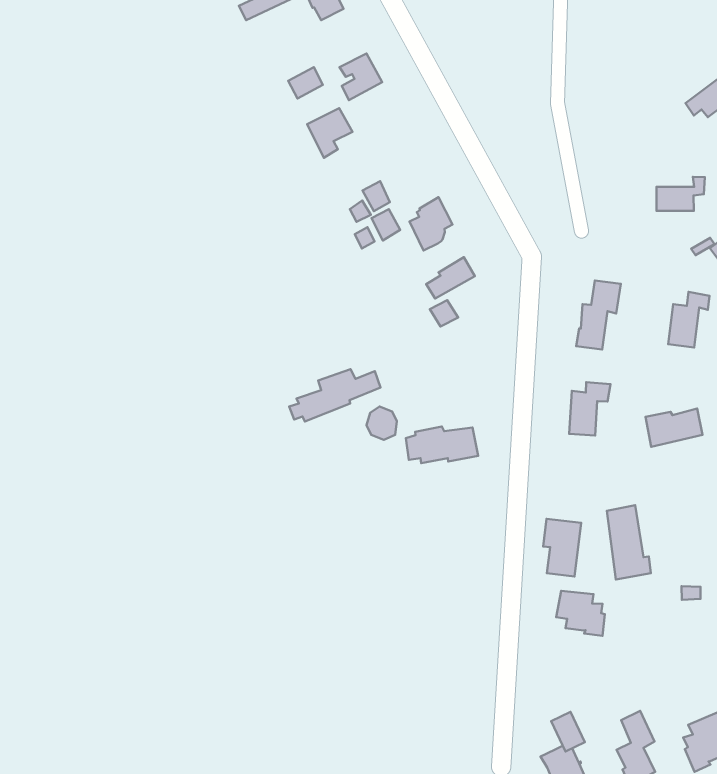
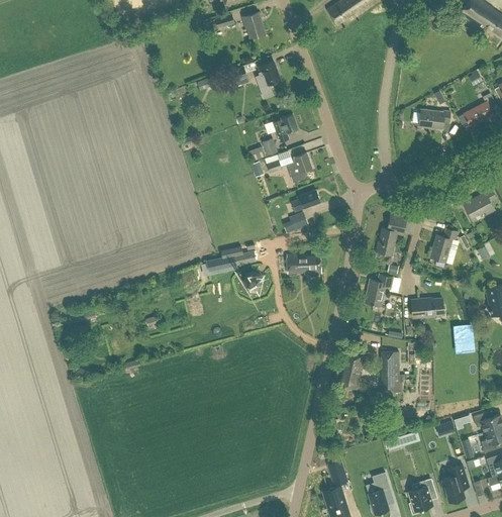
building: [307,108,353,158] -> [273,115,299,143]
building: [656,177,705,211] -> [419,110,450,130]
building: [406,426,478,463] -> [281,253,322,275]
building: [556,591,605,636] -> none

